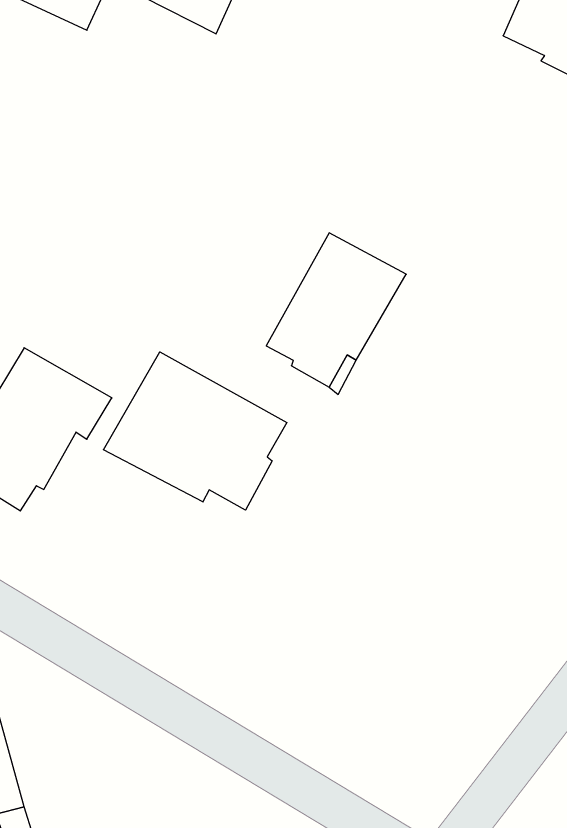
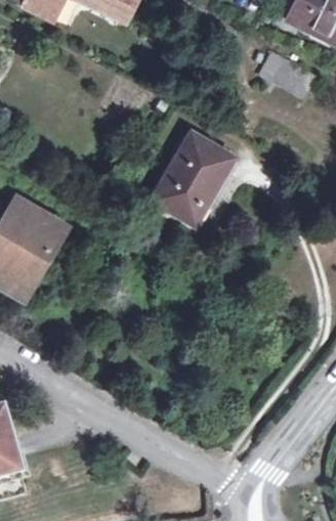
building: none -> [259,52,317,99]
building: [103,352,287,510] -> none

